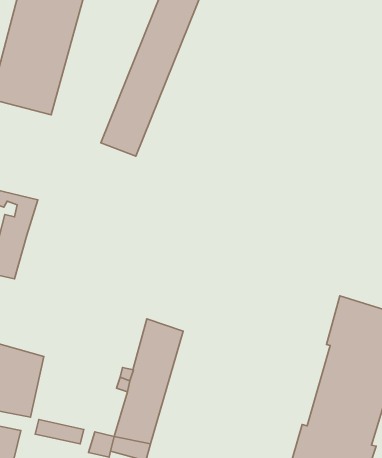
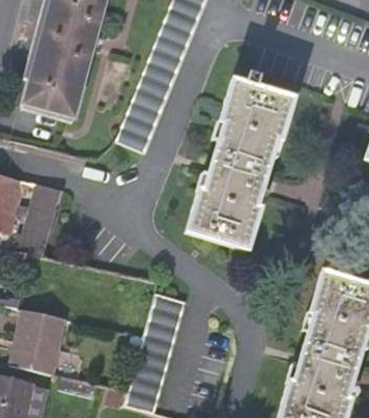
building: none -> [186,78,294,250]

